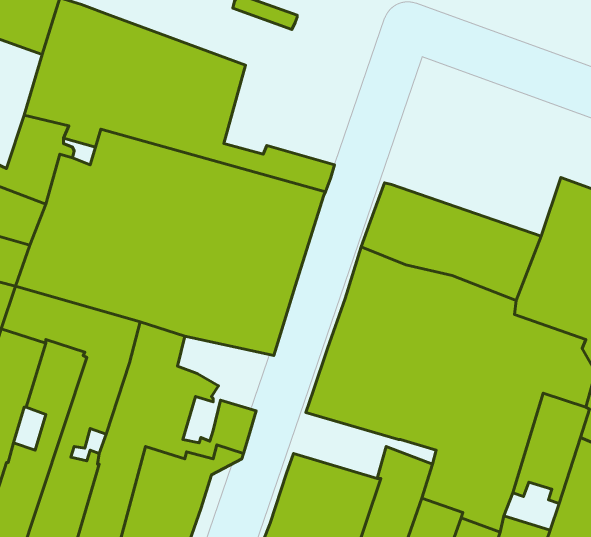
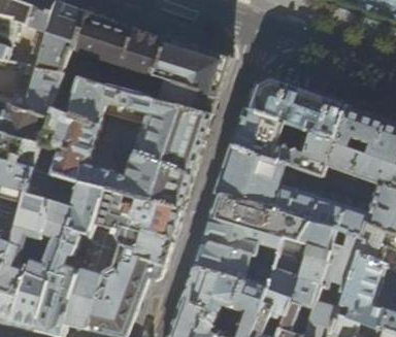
building: none -> [152,39,228,99]
building: none -> [249,79,346,140]
building: none -> [125,198,180,241]
building: none -> [192,242,274,280]

